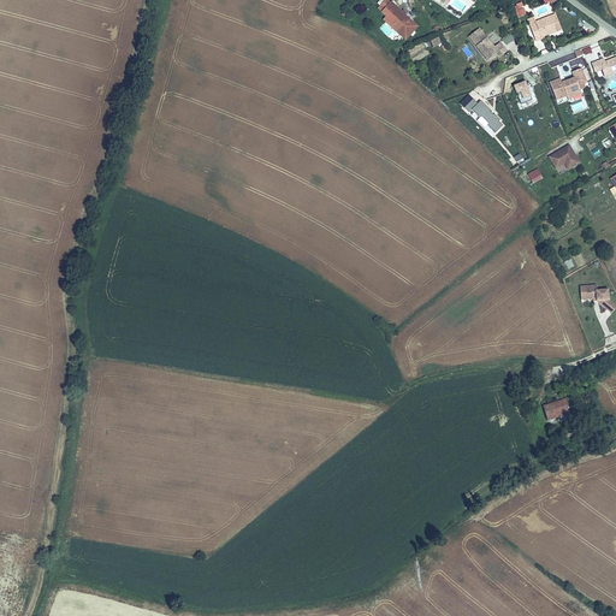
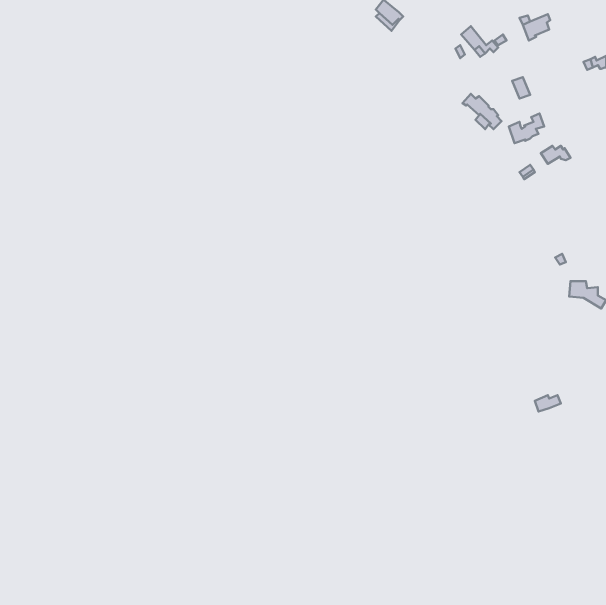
building: [551,70,587,100] -> [509,114,544,143]

